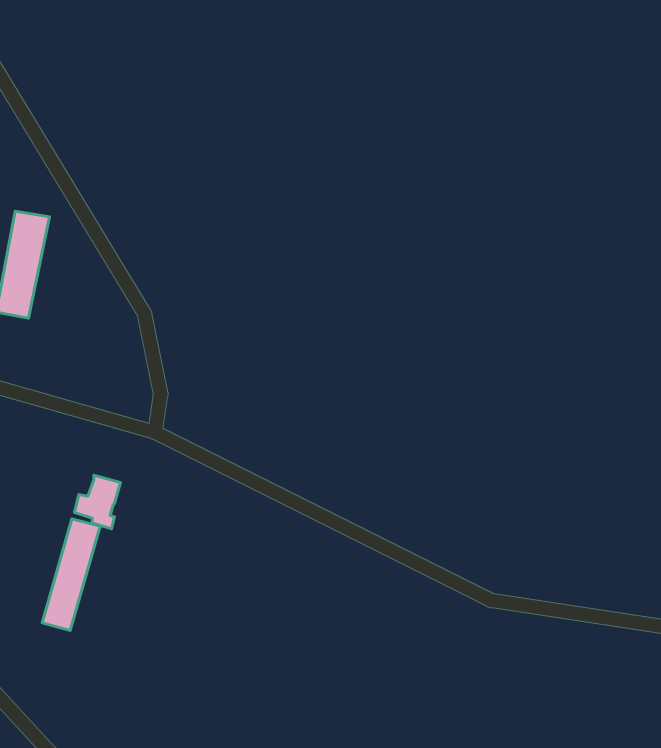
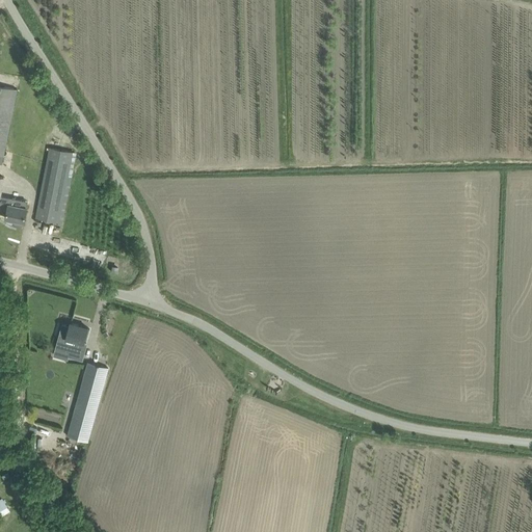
building: [74,475,121,529] -> [55,323,87,361]

